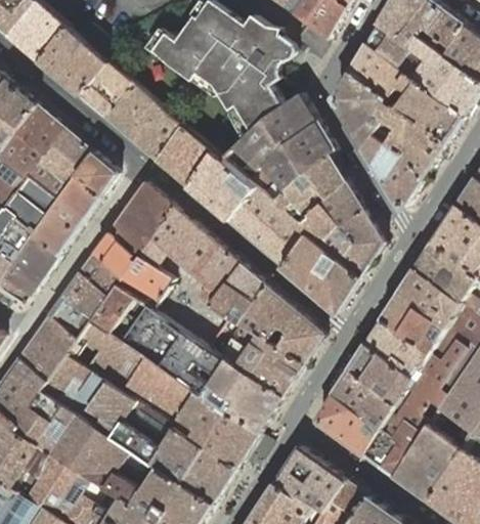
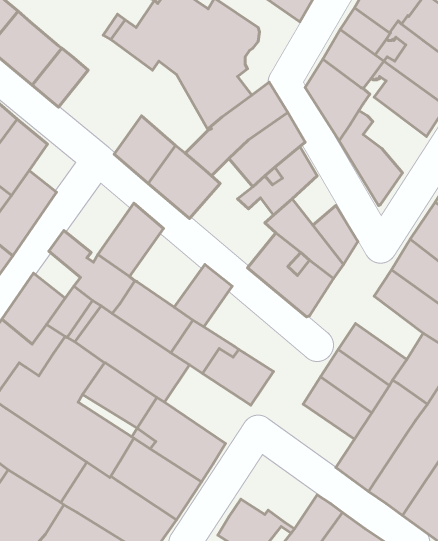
building: [101,81,179,160] -> none
building: [383,103,446,177] -> none
building: [74,150,115,195] -> none
building: [320,180,361,226] -> none
building: [106,181,172,261] -> none
building: [224,187,305,266] -> none
building: [168,229,238,303] -> none
building: [78,251,122,295] -> none
building: [237,283,321,363] -> none
building: [380,293,443,352] -> none
building: [201,357,281,431] -> none
building: [315,394,379,453] -> none
building: [272,445,344,511] -> none

